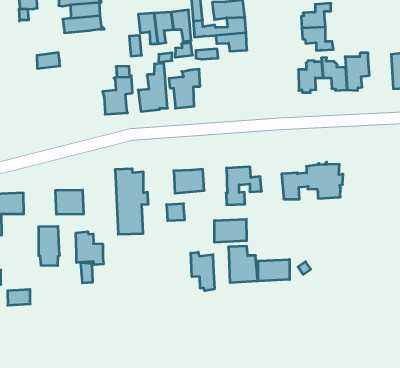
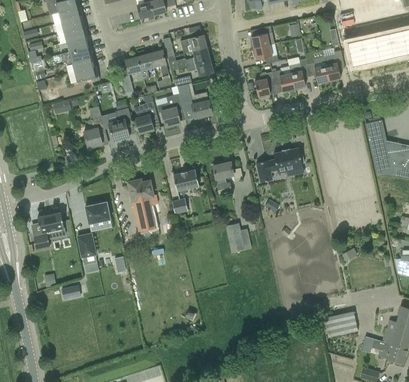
building: none -> [305,53,330,85]
building: none -> [84,106,104,148]
building: none -> [190,92,212,118]
building: [214,219,246,242] -> none
building: [76,232,103,265] -> none
building: [191,252,214,291] -> none
building: [258,259,290,281] -> none

